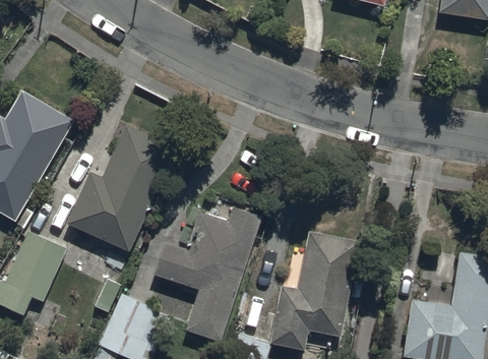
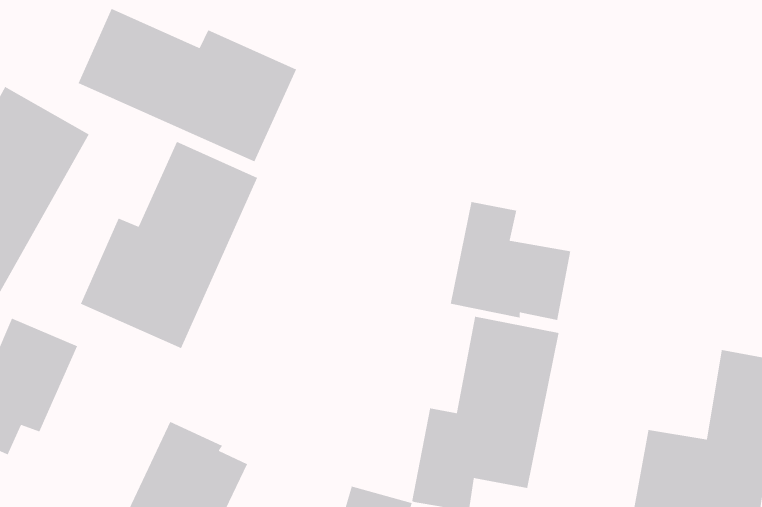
building: none -> [78,8,297,163]
building: none -> [450,201,571,321]
building: [154,207,261,341] -> none

